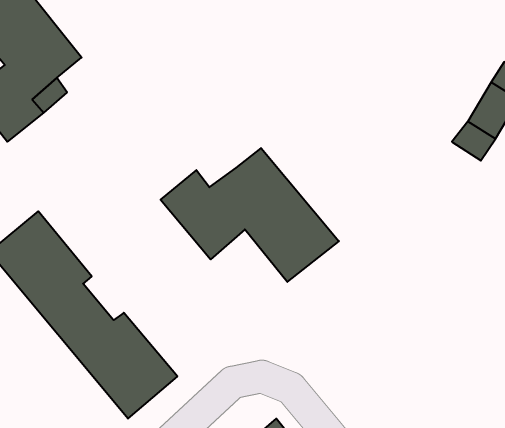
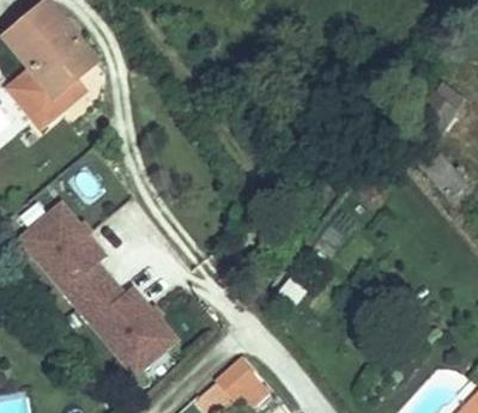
building: [161,148,339,282] -> none

